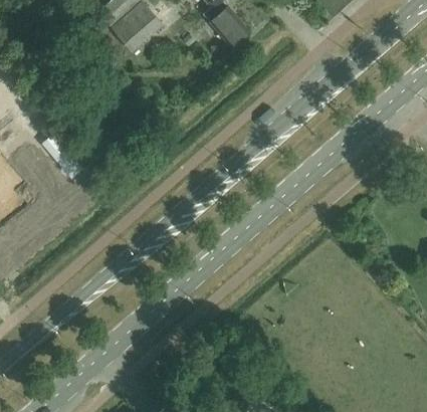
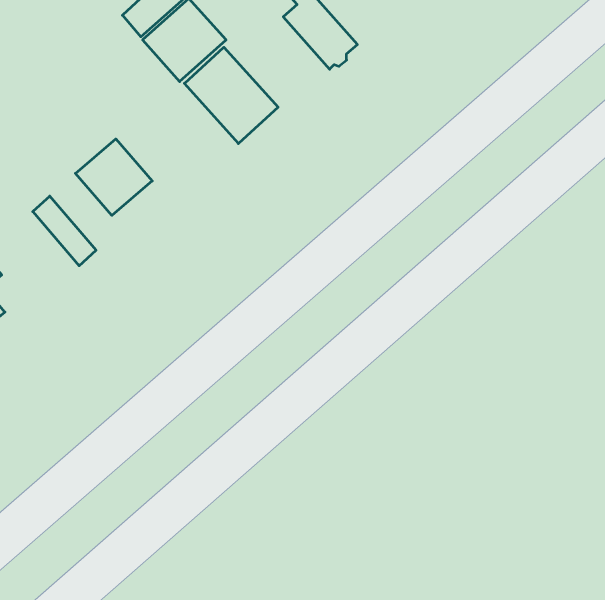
building: none -> [184,47,278,144]
building: none -> [75,139,152,215]

